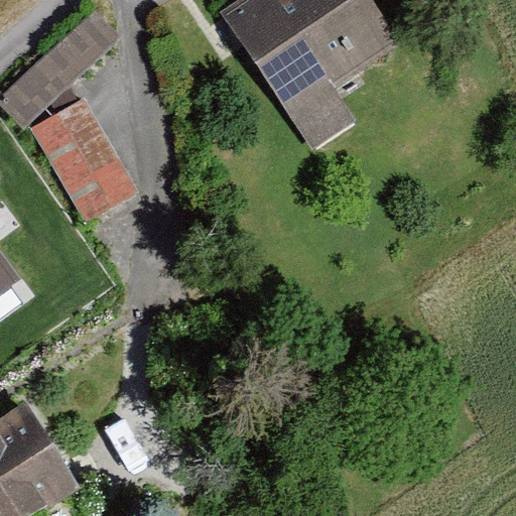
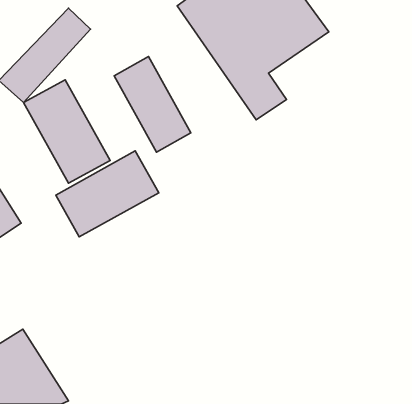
building: none -> [114,57,191,152]
building: none -> [56,151,159,237]

